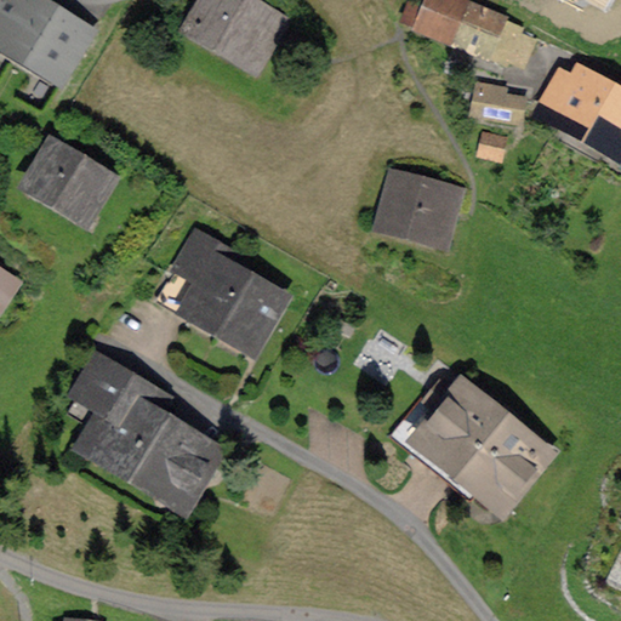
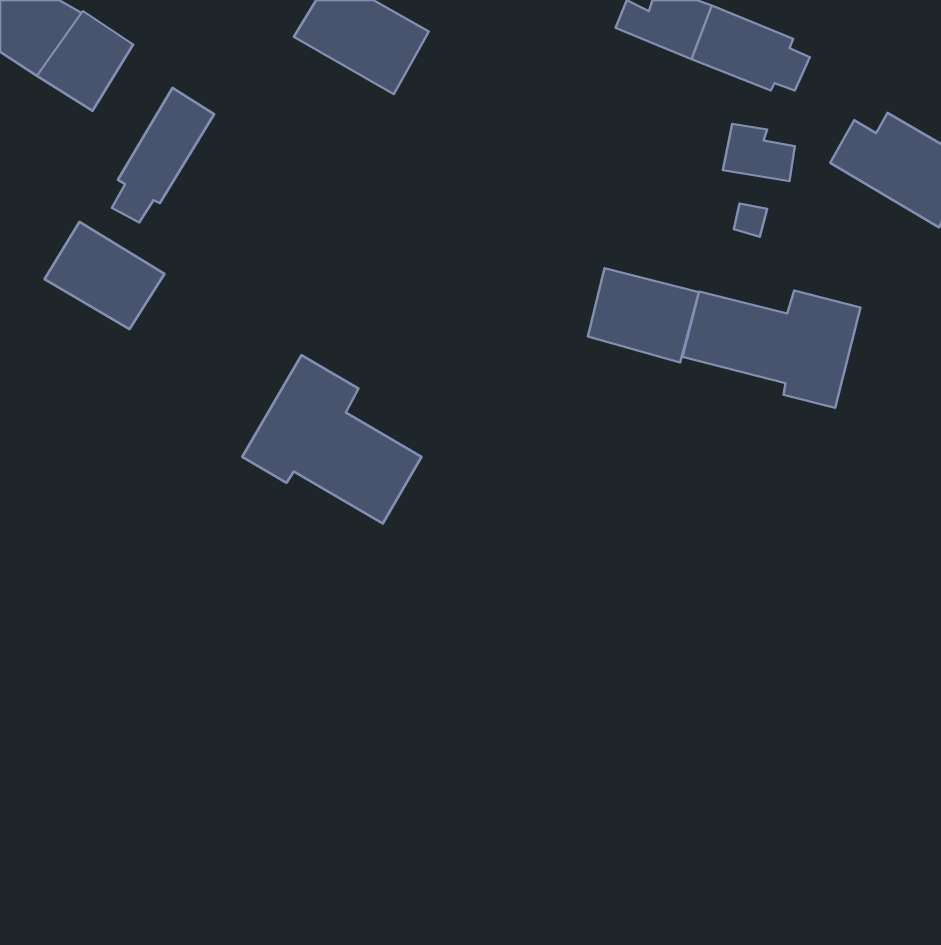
building: none -> [112,88,214,222]
building: none -> [682,291,861,408]
building: [82,359,213,501] -> none
building: [395,376,539,498] -> none

